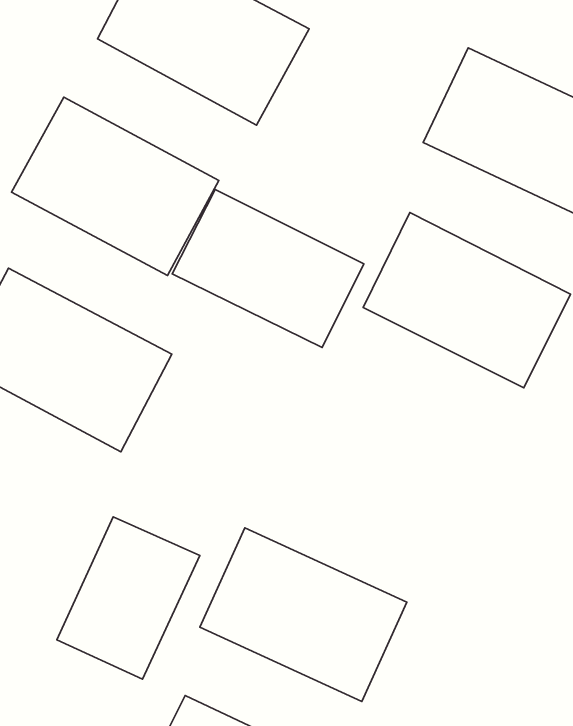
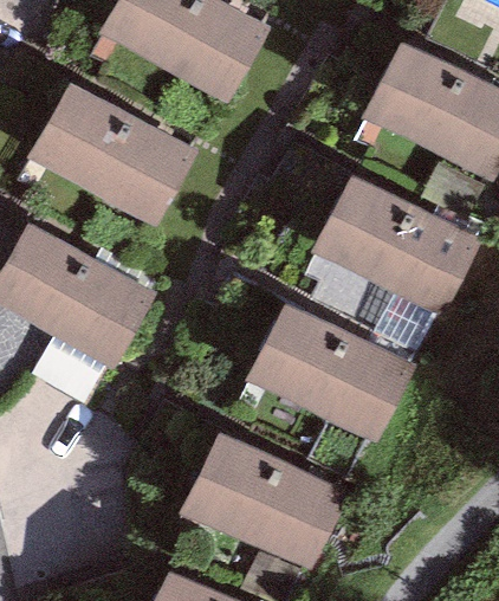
building: [172,189,364,347] -> none
building: none -> [245,298,417,444]
building: [57,517,200,679] -> none

